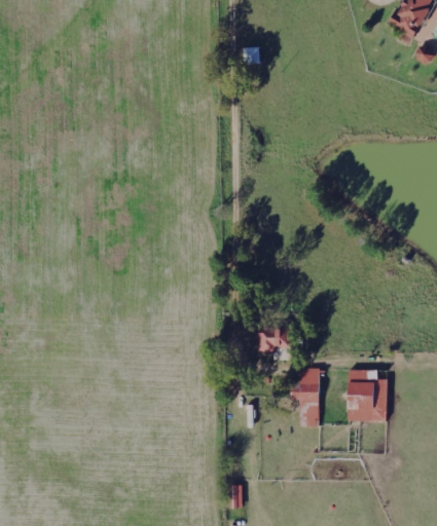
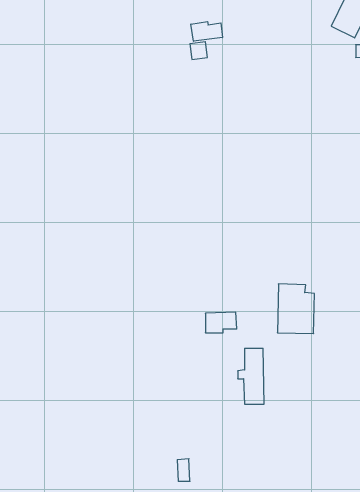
building: none -> [191,22,222,41]
building: [349,369,388,421] -> [277,284,314,334]

